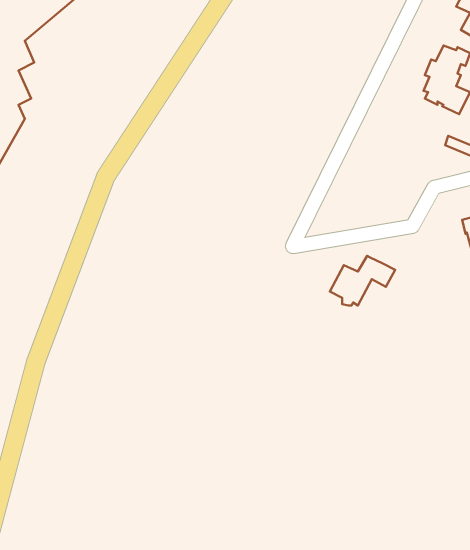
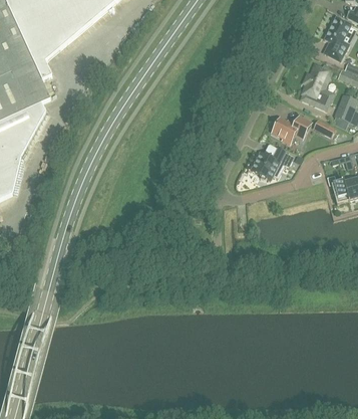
building: none -> [271,114,312,143]
building: [330,256,395,306] -> [251,146,293,178]

